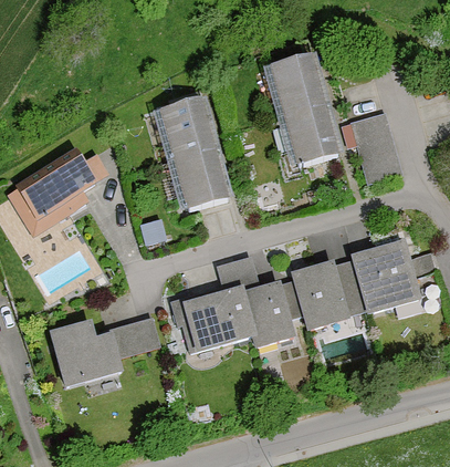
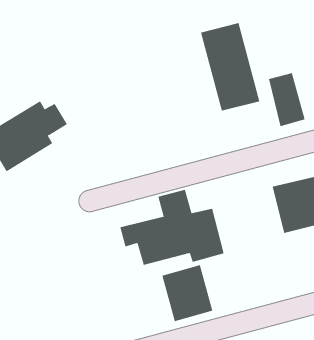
building: [158,97,232,207] -> none
building: [293,259,356,329] -> [162,265,213,322]
building: [50,319,159,387] -> none

